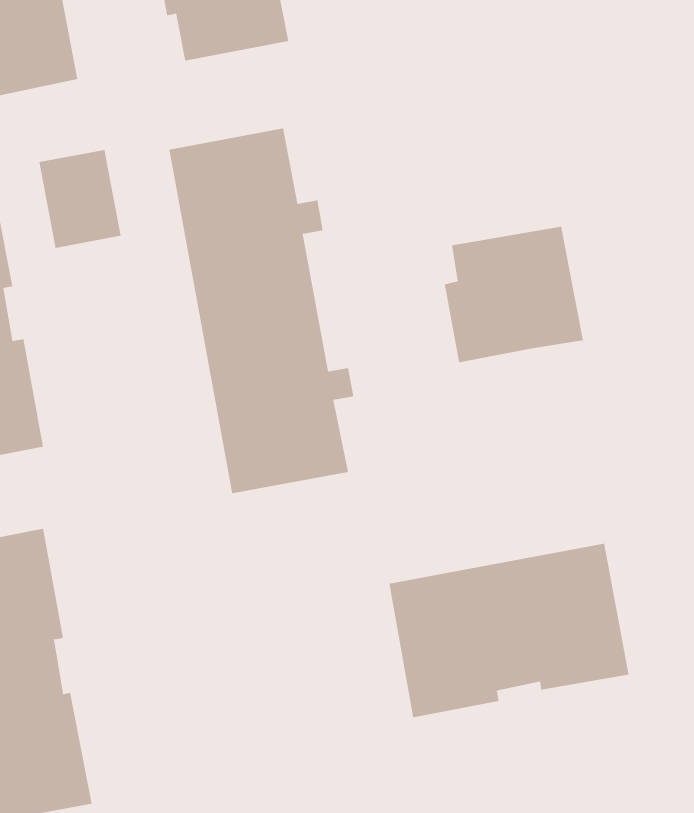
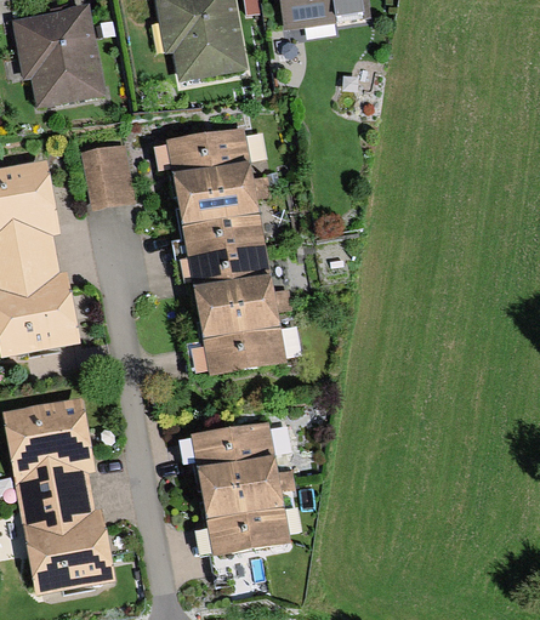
building: [444,226,584,363] -> none
building: [389,543,629,718] -> none
building: none -> [188,421,294,553]

